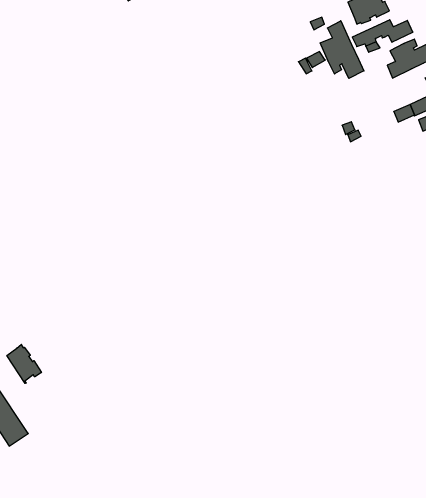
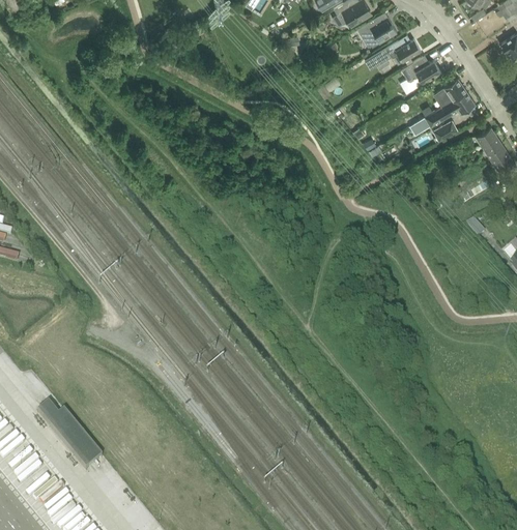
building: [320,21,364,78] -> none
building: [7,344,41,383] -> none

